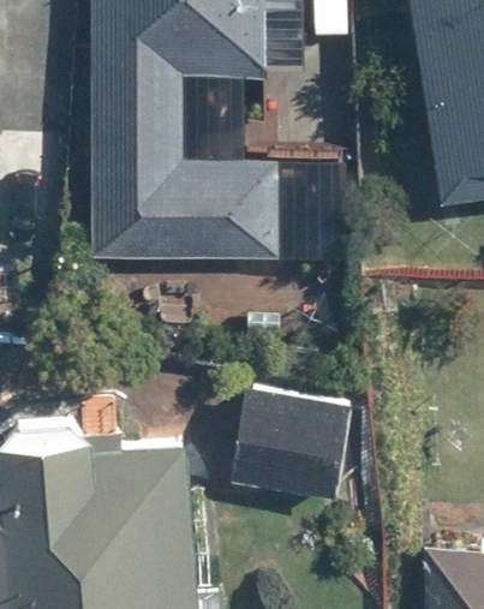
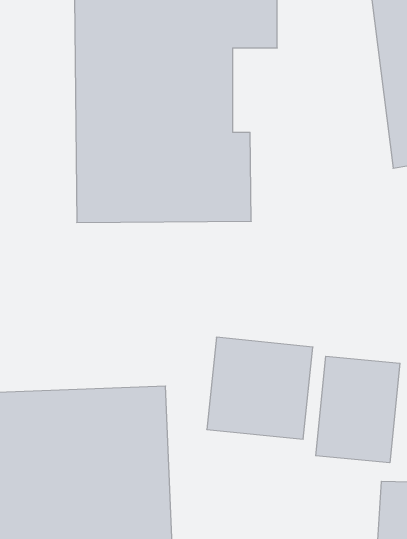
building: none -> [316,356,400,463]

